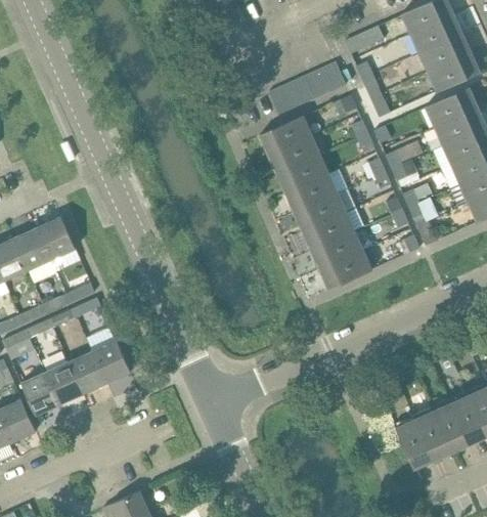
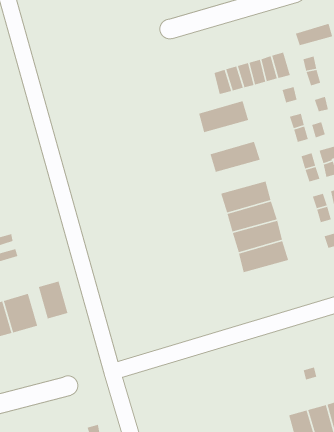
building: [268,136,320,175] -> none
building: [285,174,338,213] -> none
building: none -> [38,281,68,319]

